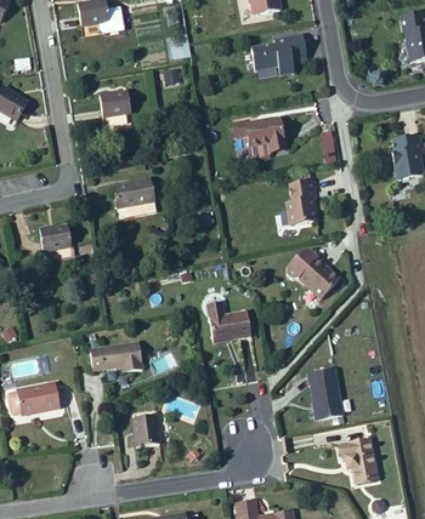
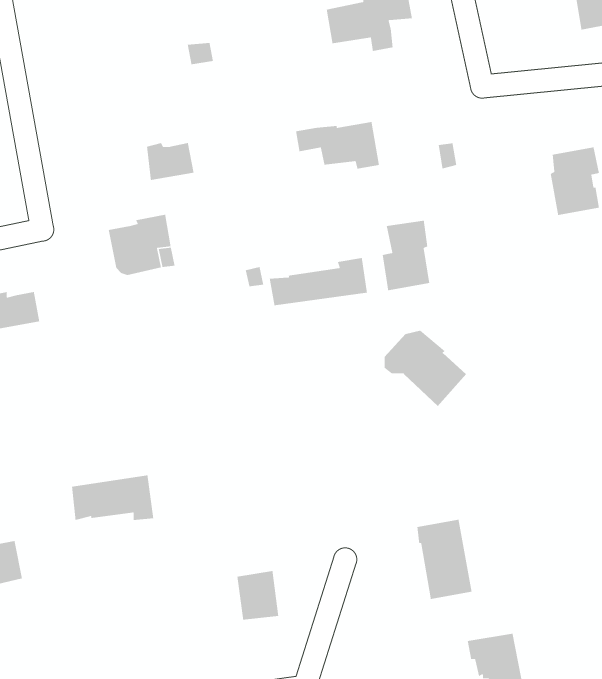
building: [100,92,130,116] -> [146,142,194,181]
building: none -> [269,257,368,306]
building: [206,303,250,342] -> none
building: [132,415,159,446] -> [237,570,279,620]

